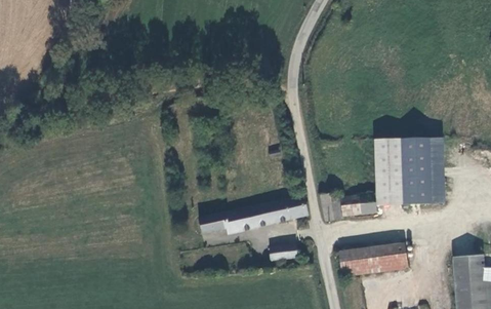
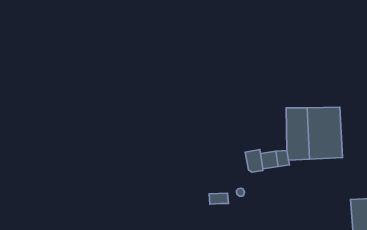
building: [199,196,310,233] -> none
building: [344,245,409,274] -> none

